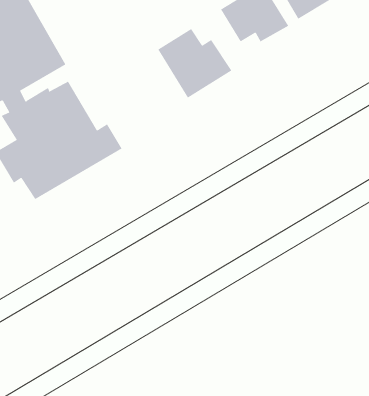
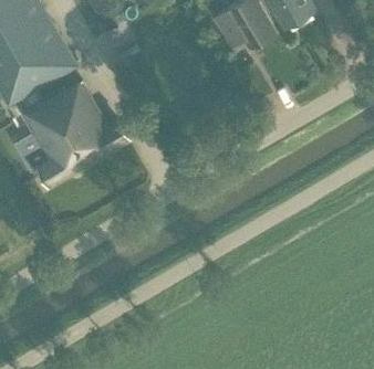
building: [157,28,232,98] -> none

